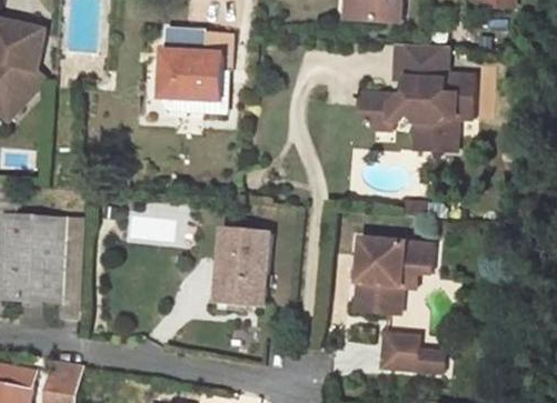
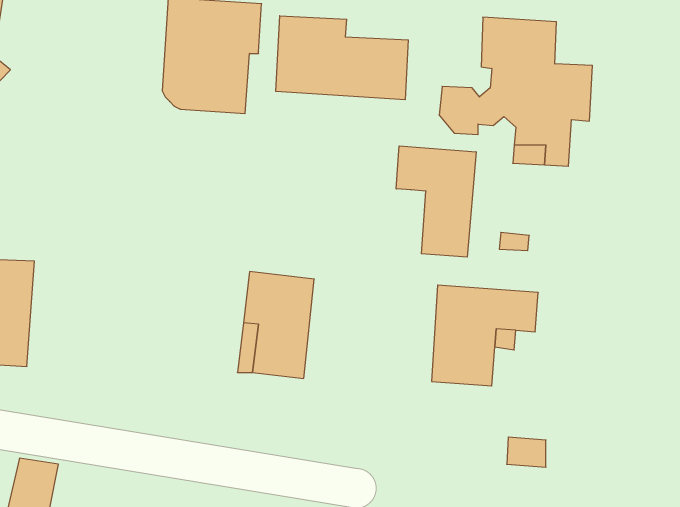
building: none -> [276,16,408,100]
building: none -> [396,146,476,257]
building: [379,332,415,369] -> none

